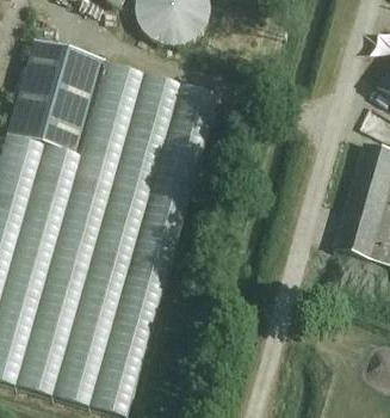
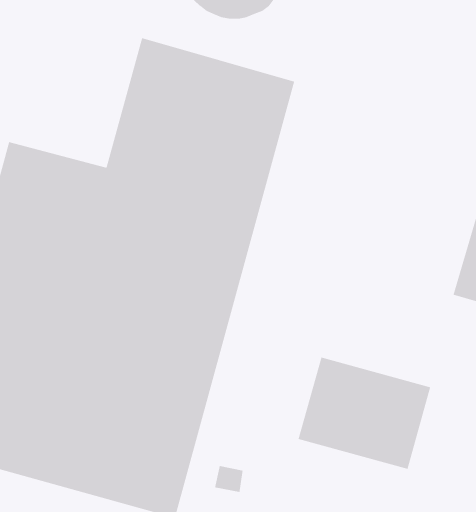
building: [7,39,105,154] -> none
building: none -> [298,357,431,470]

